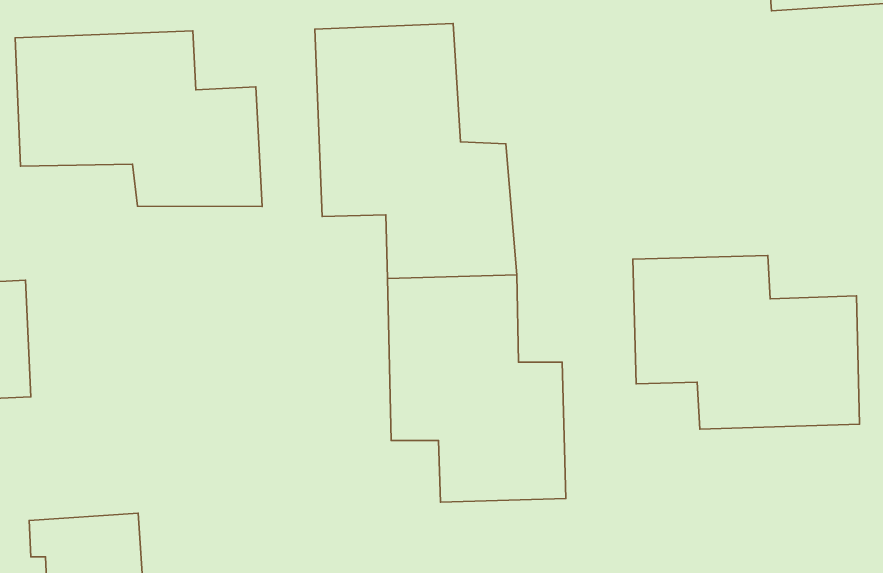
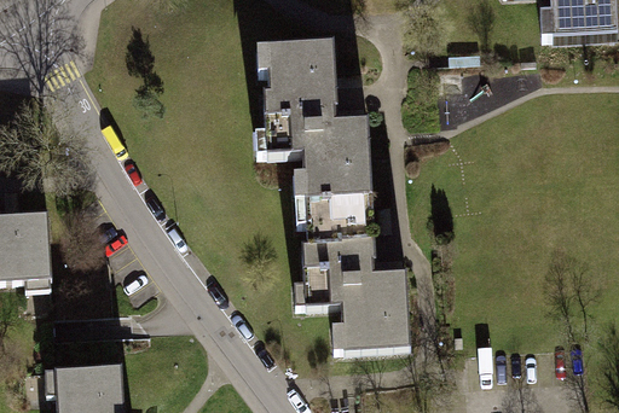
building: [15,31,262,207] -> none
building: [633,255,860,429] -> none

